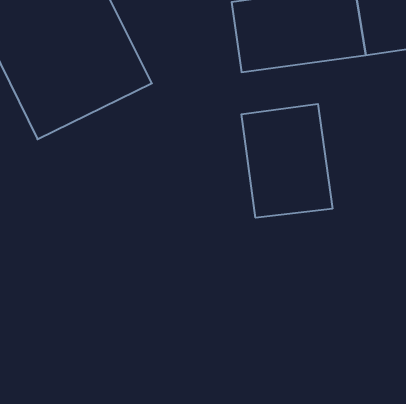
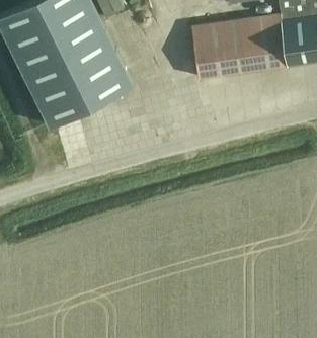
building: [241,104,332,218] -> none

